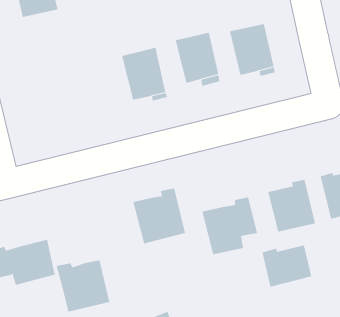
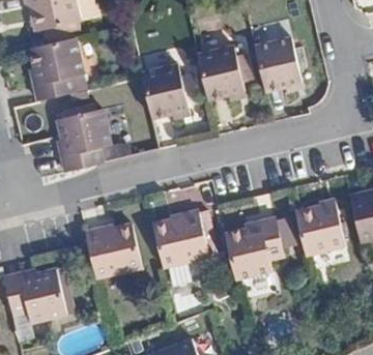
building: none -> [29,37,81,100]
building: none -> [57,110,109,171]
building: [262,245,312,287] -> none
building: [56,260,110,312] -> [84,225,141,279]

